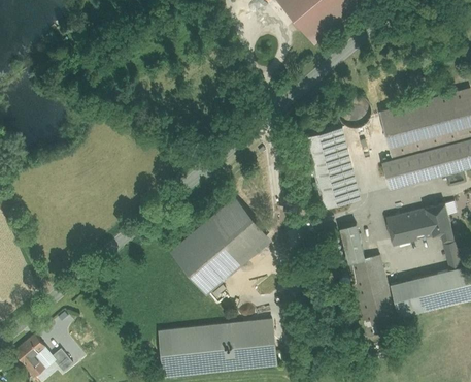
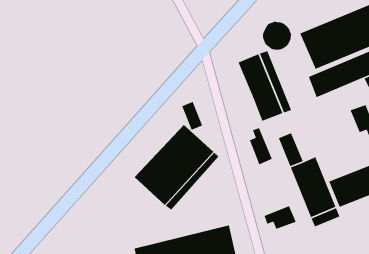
building: none -> [181,101,203,131]
building: [385,206,432,245] -> none
building: none -> [249,127,273,165]
building: none -> [263,205,297,230]

